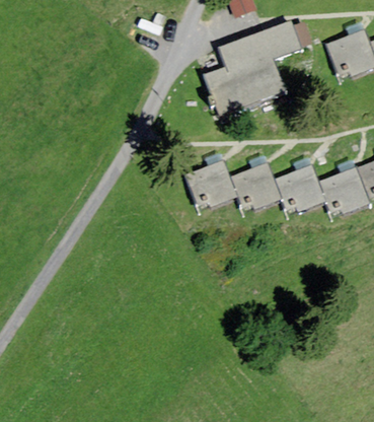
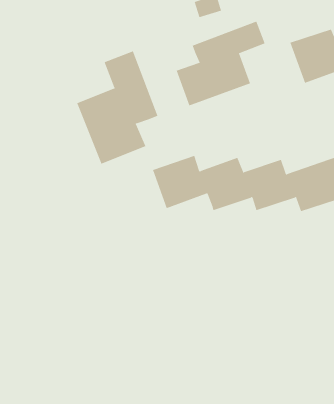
building: none -> [76,51,158,165]

